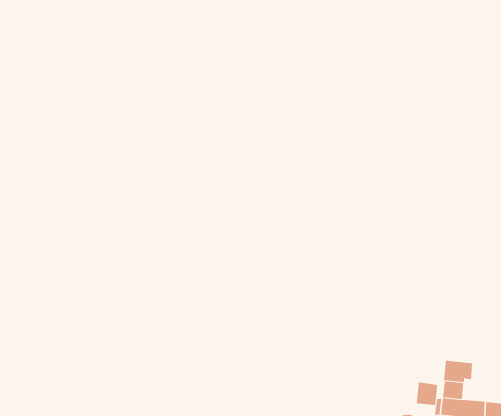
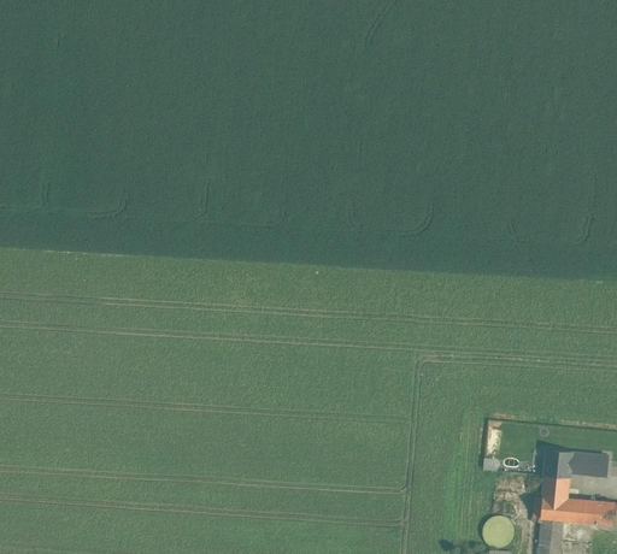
building: none -> [578,454,607,477]
building: [416,382,438,406] -> none

